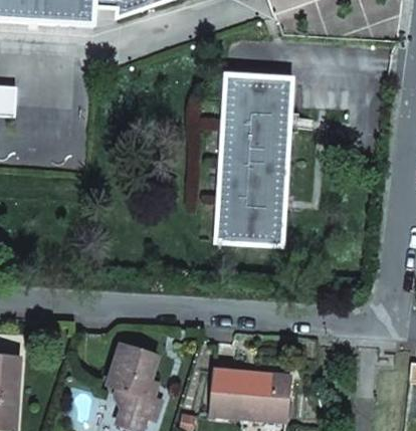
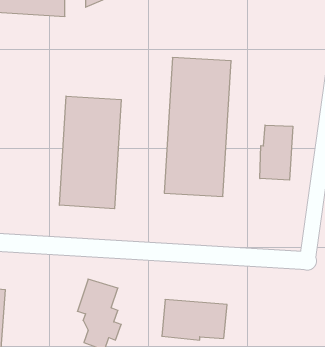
building: none -> [59,96,121,209]
building: none -> [260,125,293,180]

